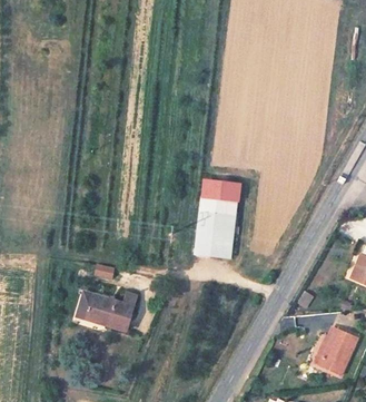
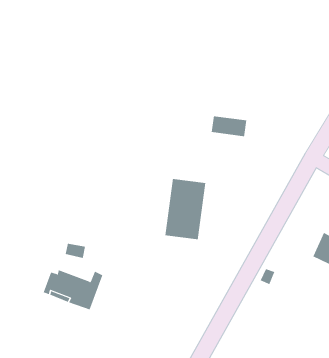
building: [206,182,243,203] -> [211,116,247,137]
building: [317,326,355,373] -> none

